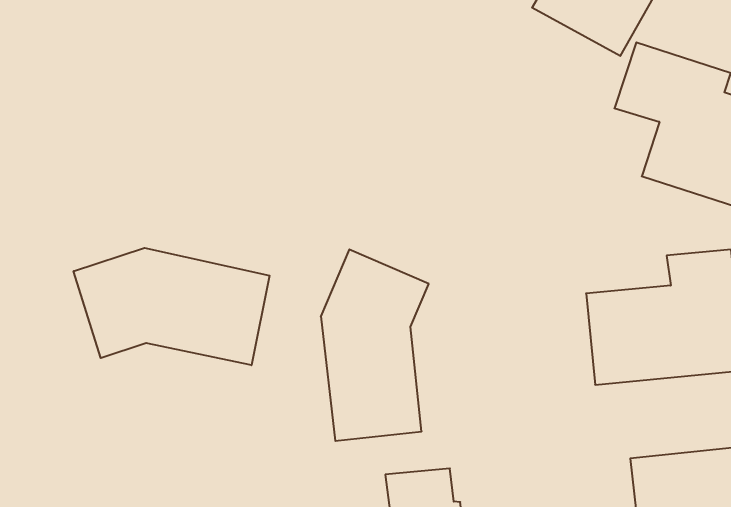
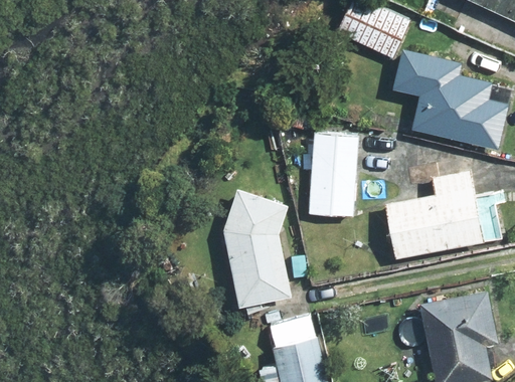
building: none -> [288,133,359,217]
building: [74,248,270,365] -> none

